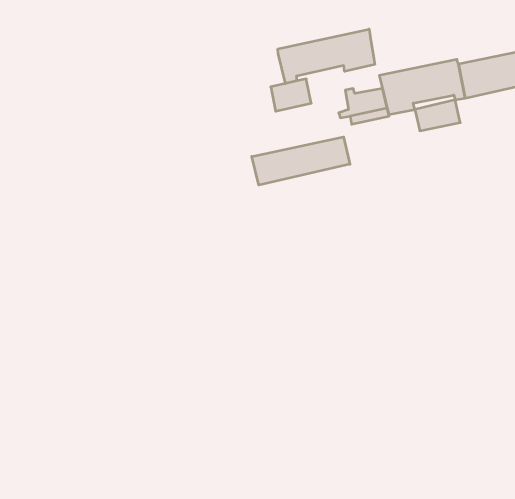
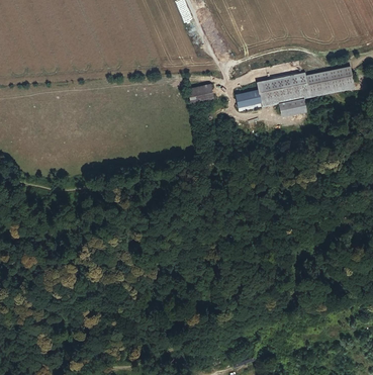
building: [278,29,375,84] -> none
building: [252,137,350,185] -> none

